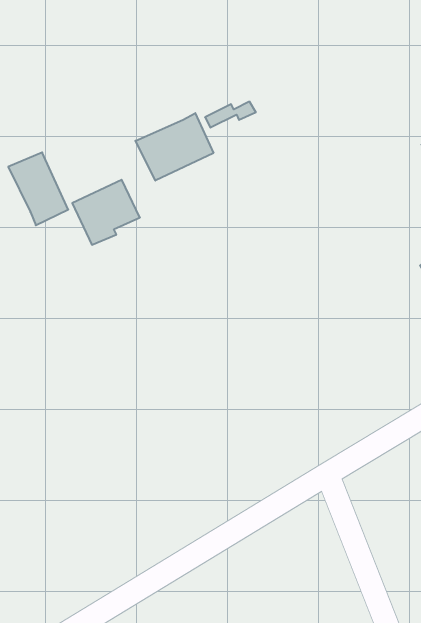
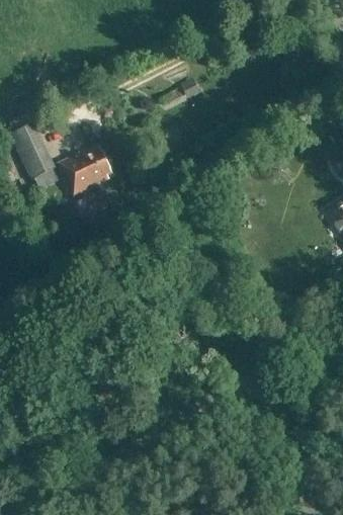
building: [135,113,213,181] -> none

